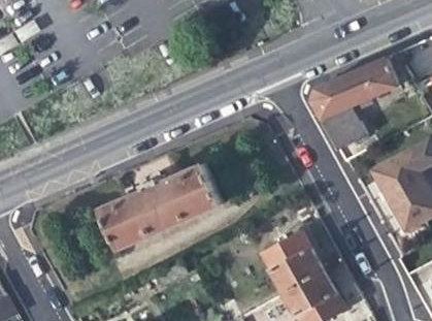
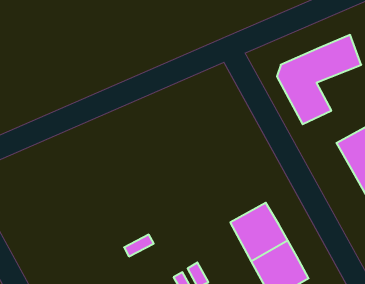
building: [102,162,222,248] -> none

